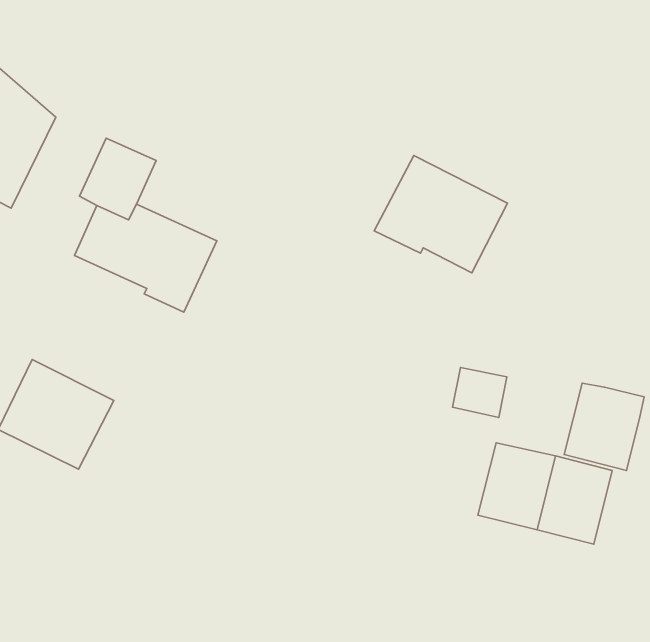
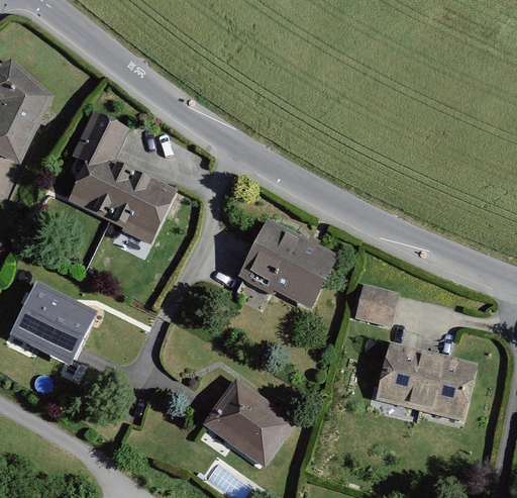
building: [374,156,507,273] -> [235,218,337,308]
building: [564,383,644,470] -> none
building: none -> [201,377,296,467]

